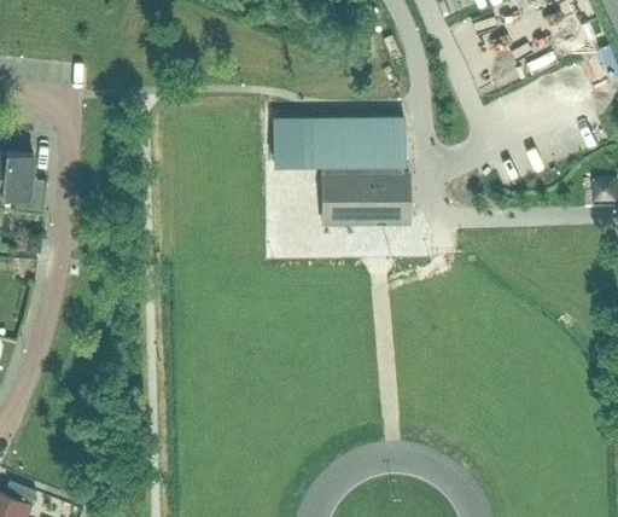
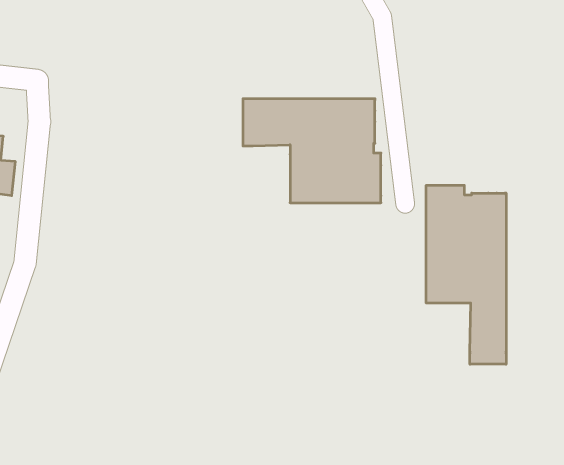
building: none -> [426,185,506,364]

